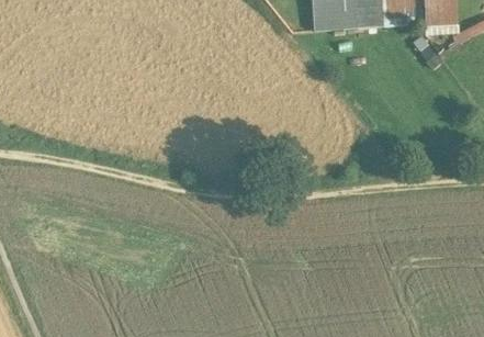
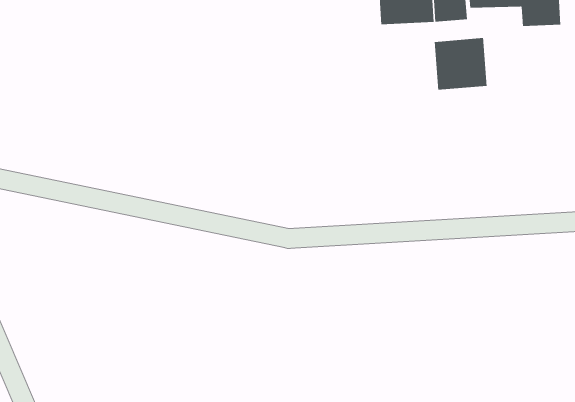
building: none -> [434,37,487,91]

